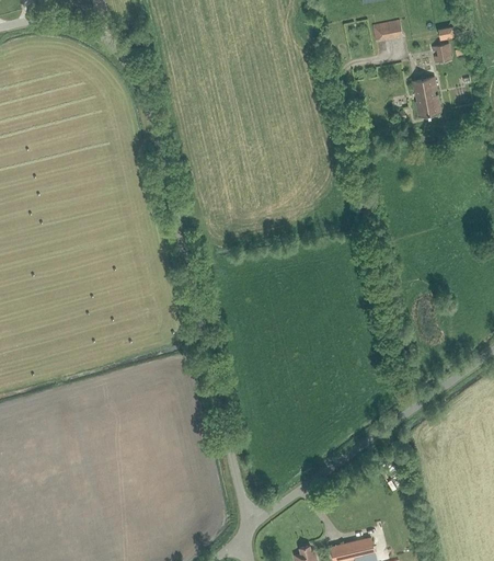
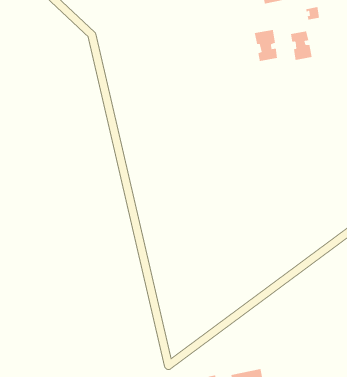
building: none -> [254,29,278,62]

